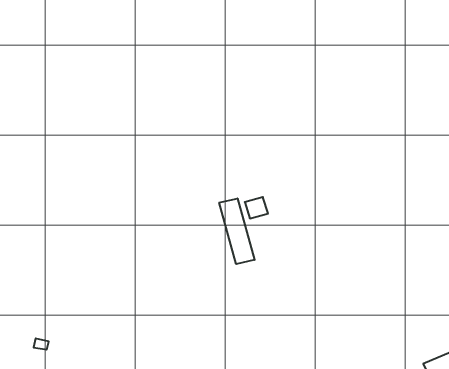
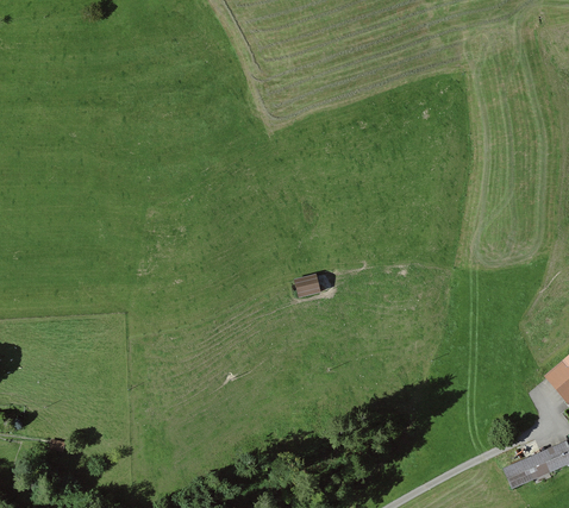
building: [219,198,255,264] -> none

